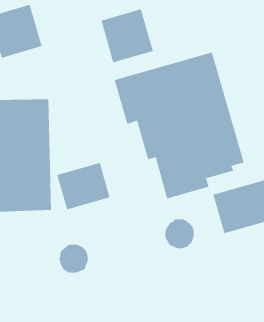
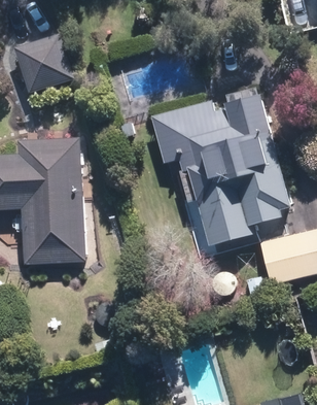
building: [101,8,153,63] -> none
building: [56,162,110,210] -> none

